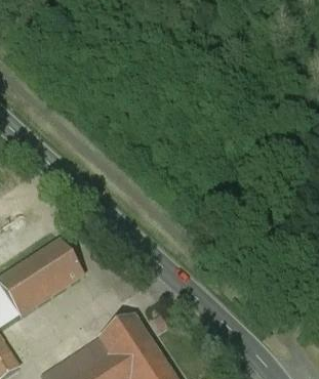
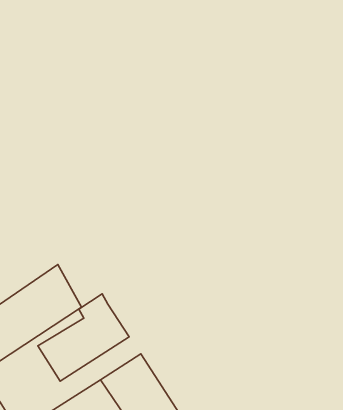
building: none -> [38,294,129,381]

